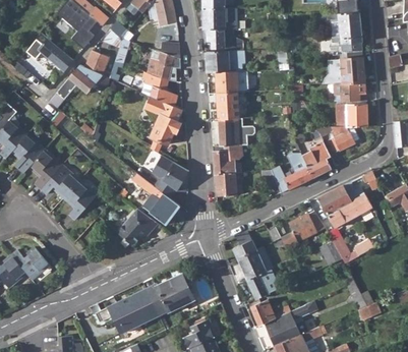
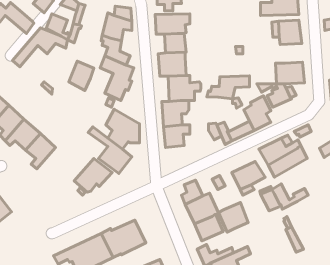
building: [333,82,366,101] -> none
building: none -> [69,61,94,91]
building: none -> [207,76,250,99]
building: none -> [219,202,248,232]

